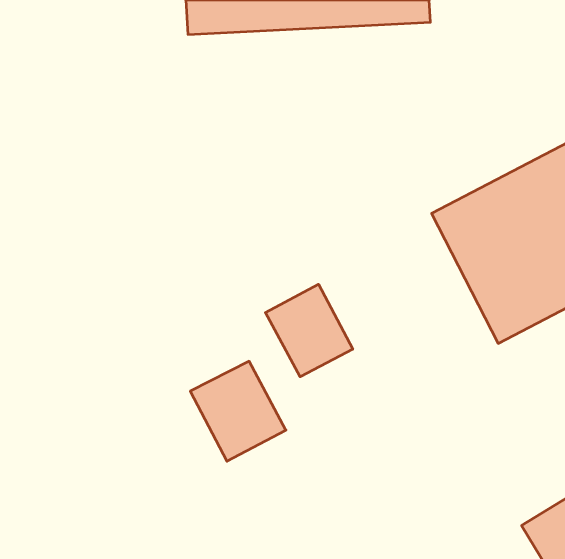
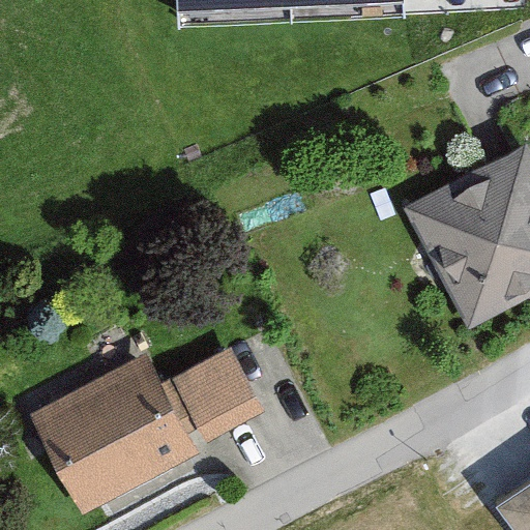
building: [265,284,353,377] -> none
building: none -> [31,351,203,511]

